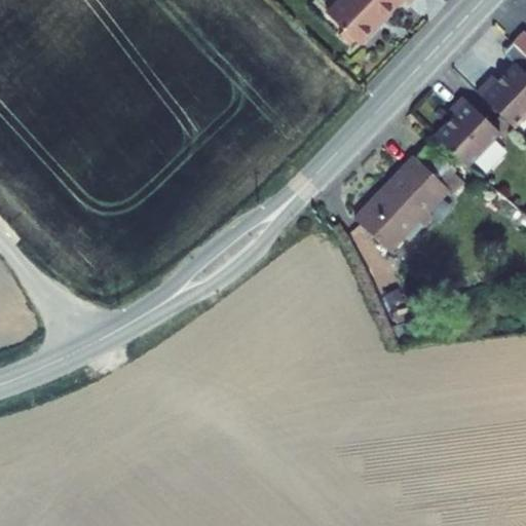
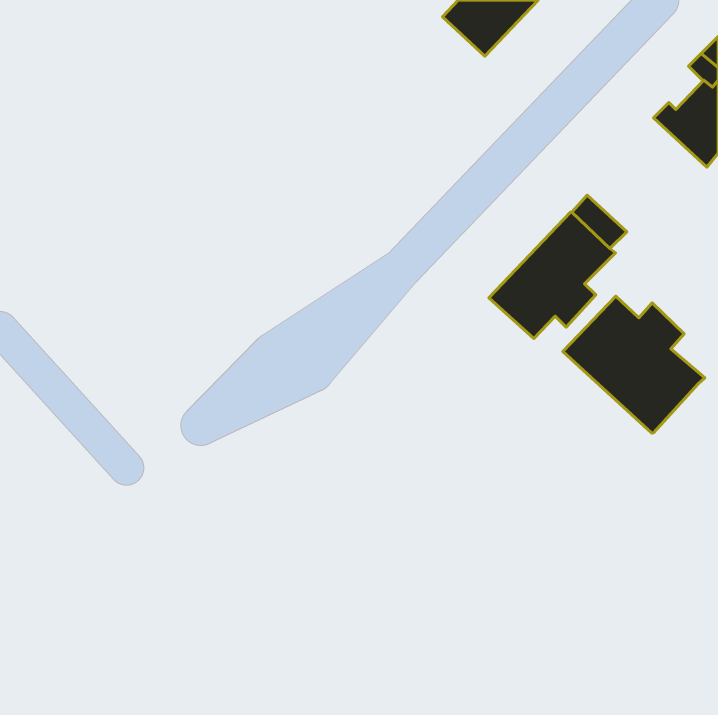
building: [429,99,501,164] -> none
building: none -> [563,296,705,433]

